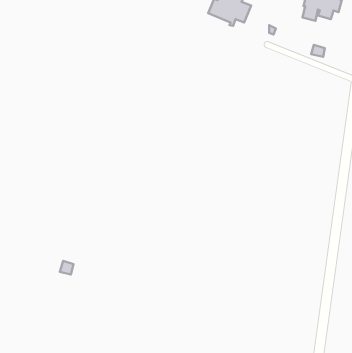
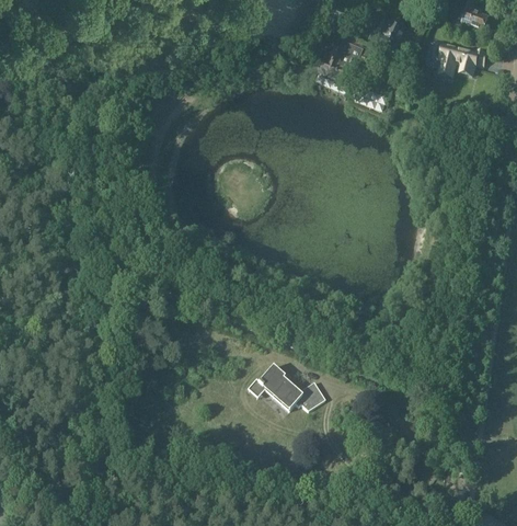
building: none -> [256,365,324,410]

